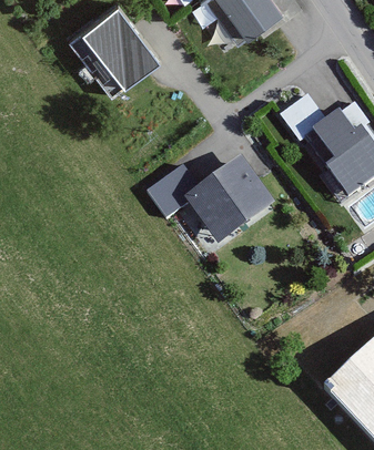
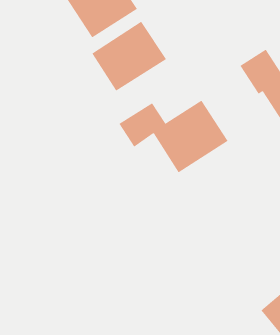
building: none -> [91,21,167,92]

